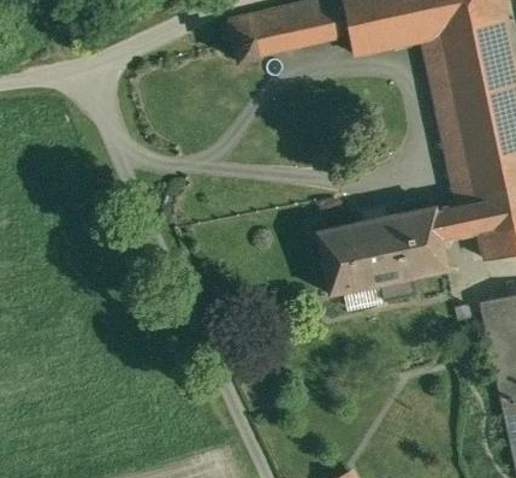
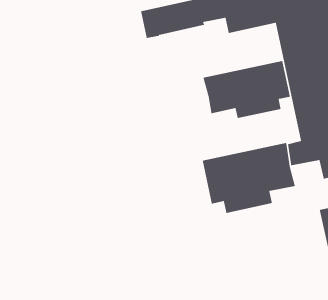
building: none -> [203,60,291,119]

